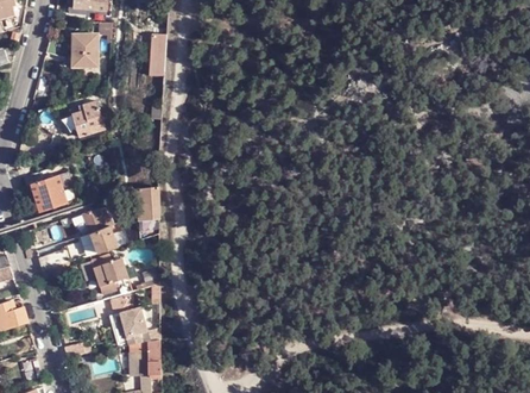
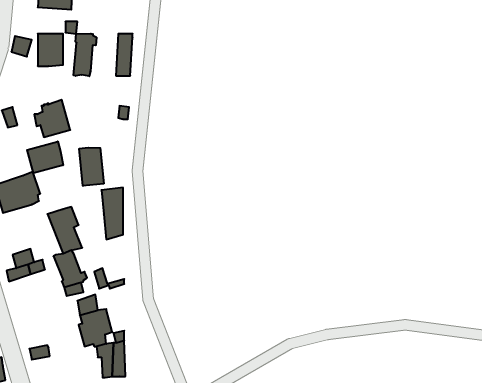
building: none -> [74,34,96,76]
building: none -> [27,141,63,173]
building: none -> [79,148,104,186]

